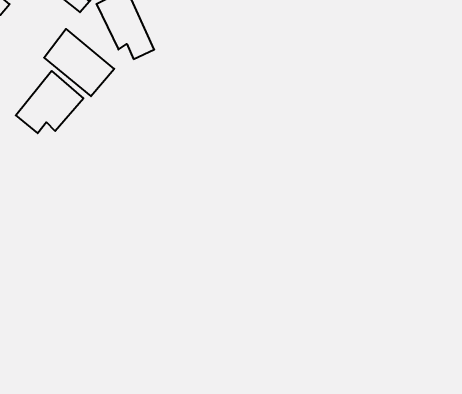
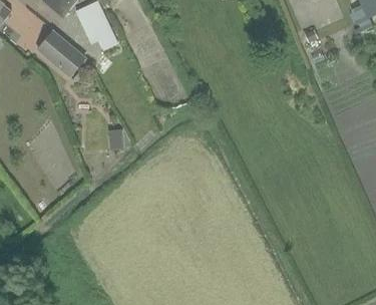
building: [16,71,83,133] -> none

